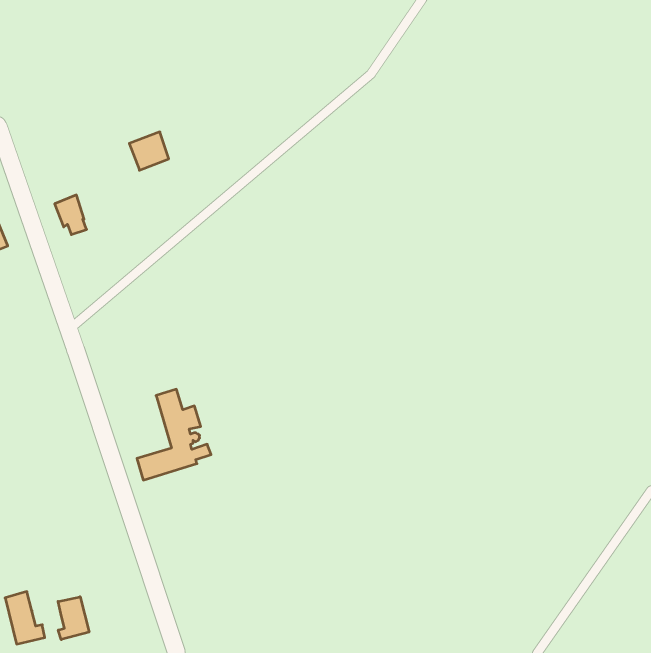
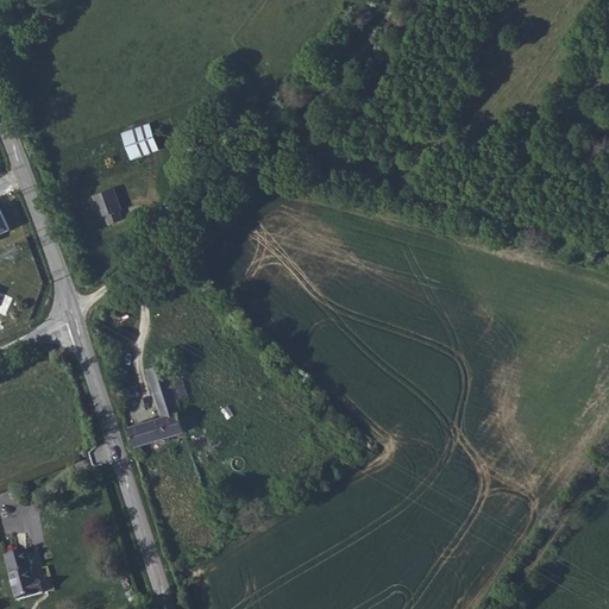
building: [55,195,87,235] -> [92,187,121,224]
building: [58,597,89,640] -> none

